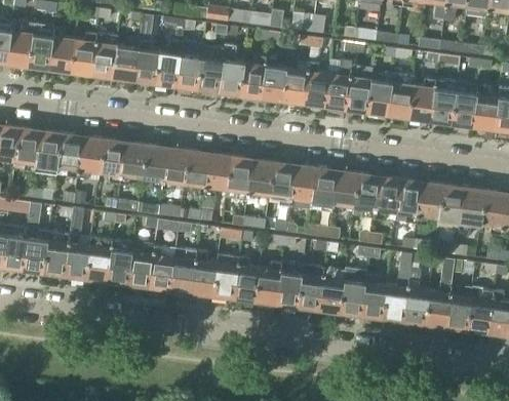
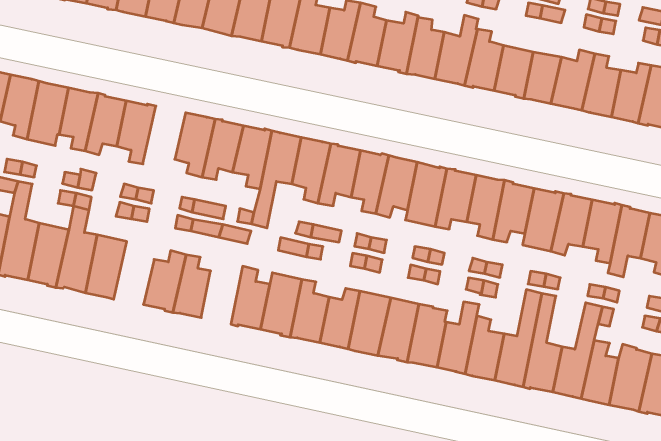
building: [118,141,146,185] -> none
building: [105,239,132,283] -> none
building: [168,249,195,292] -> none

